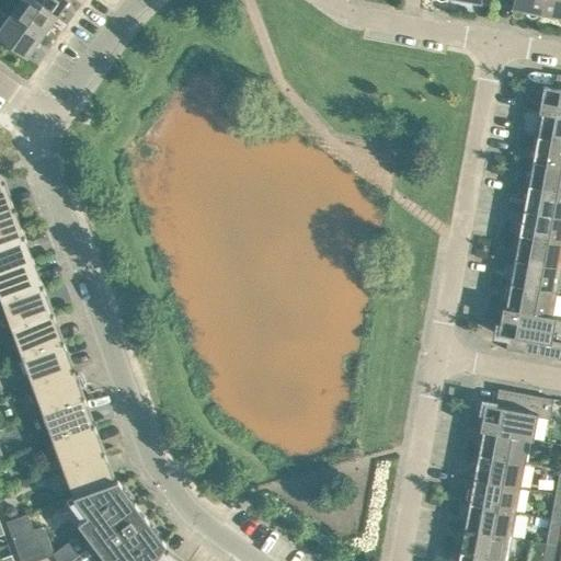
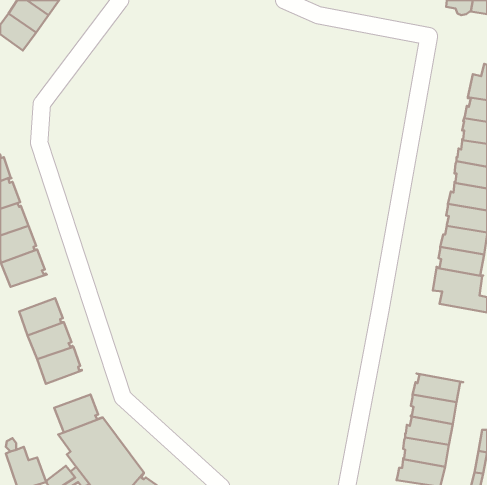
building: [12,318,64,360] -> none
building: [479,390,553,442] -> none
building: [53,428,104,471] -> none

